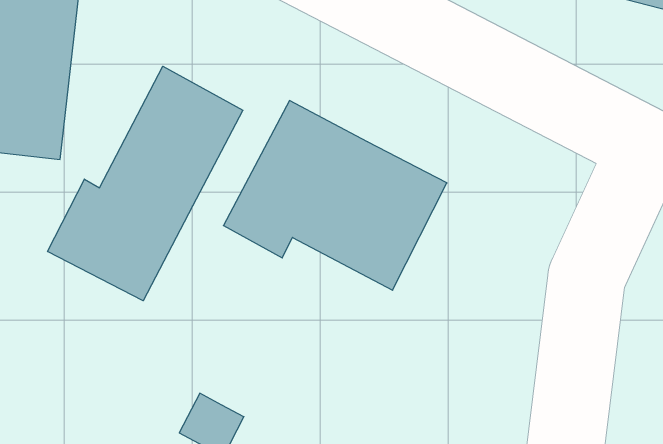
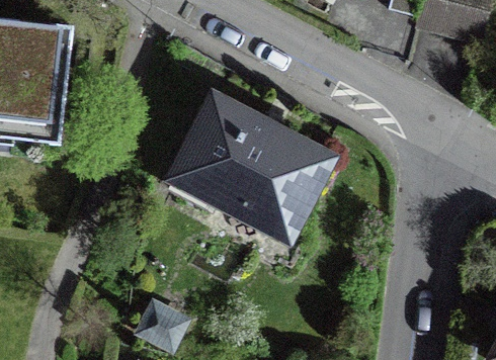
building: [48,66,243,301] -> none

